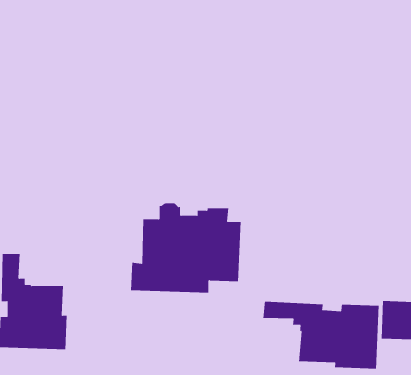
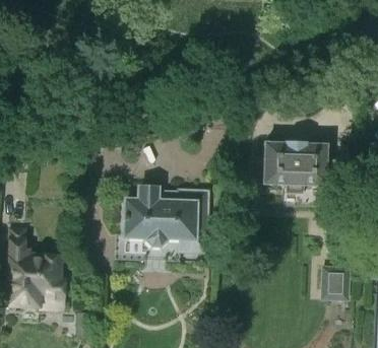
building: none -> [263,140,333,204]
building: [263,301,379,369] -> none

